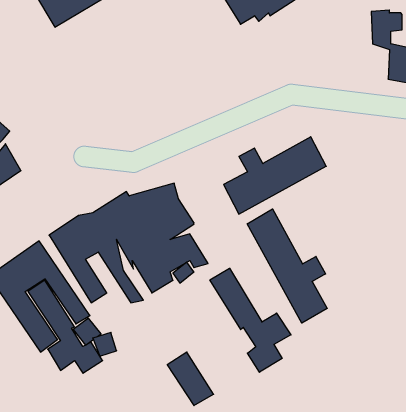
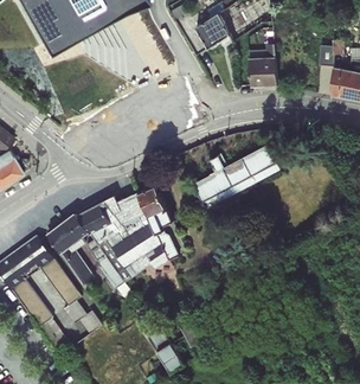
building: none -> [247,58,277,88]
building: [247,209,327,323] -> none
building: [210,268,291,372] -> none

